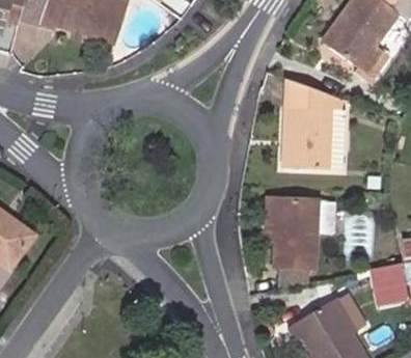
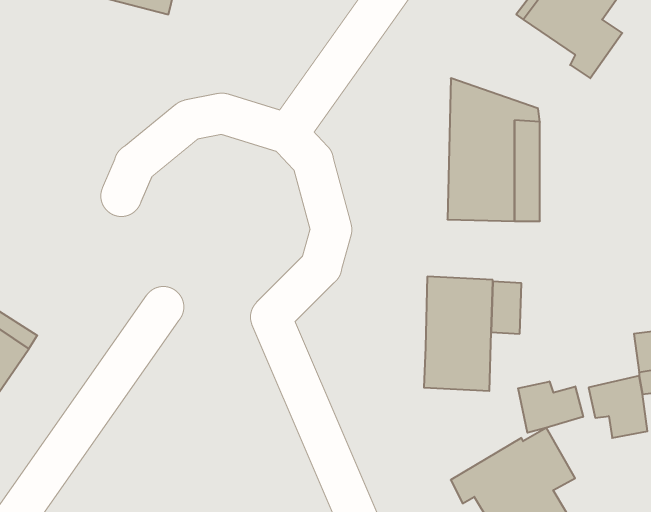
building: none -> [518,381,583,433]

